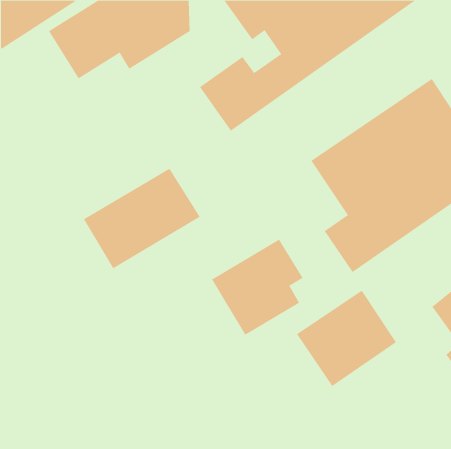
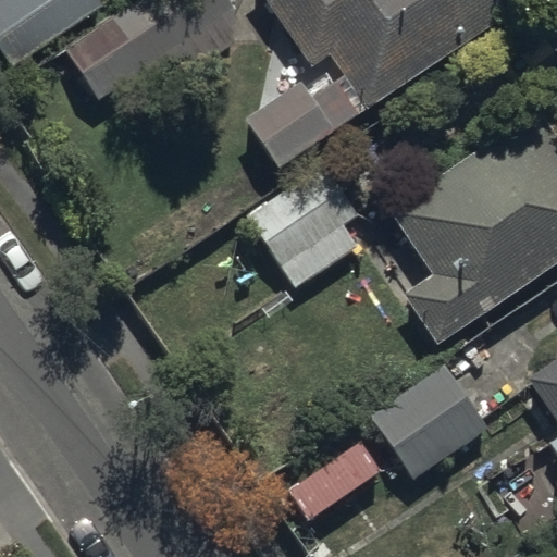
building: [83,168,200,269] -> none
building: [211,239,304,336] -> [251,170,364,288]

